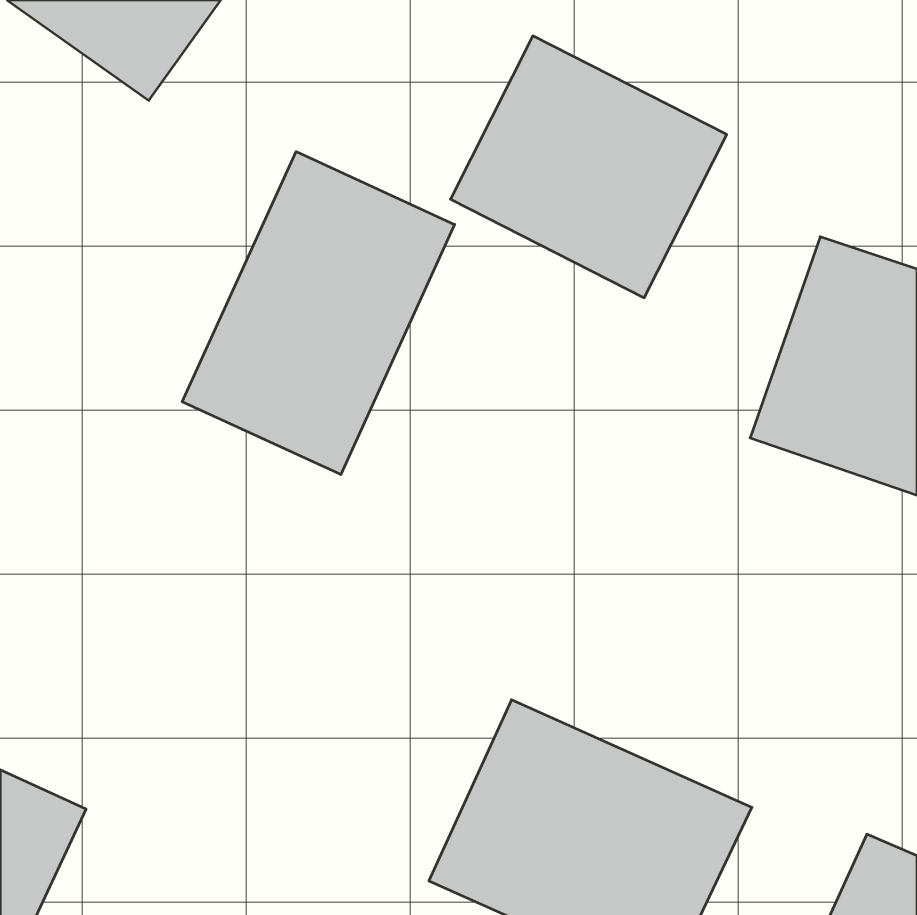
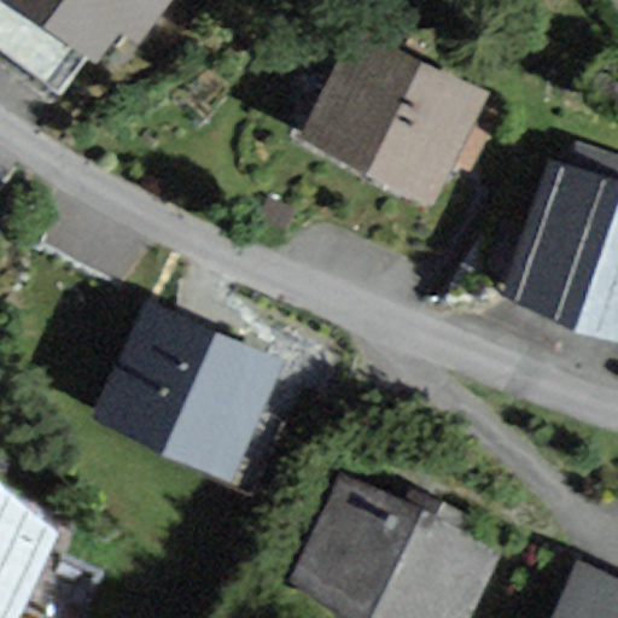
building: [182,152,455,475] -> none
building: none -> [98,303,287,484]

